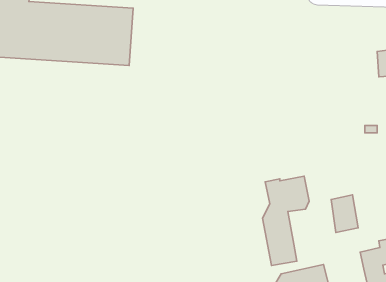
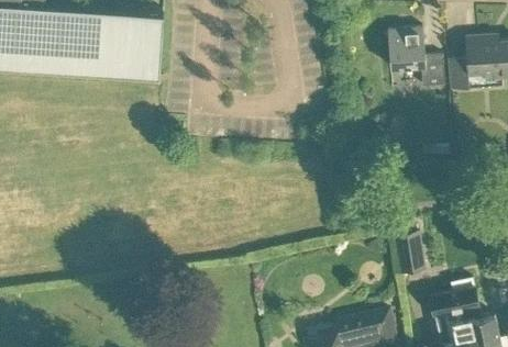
building: none -> [387,29,445,89]
building: [262,176,309,265] -> none

